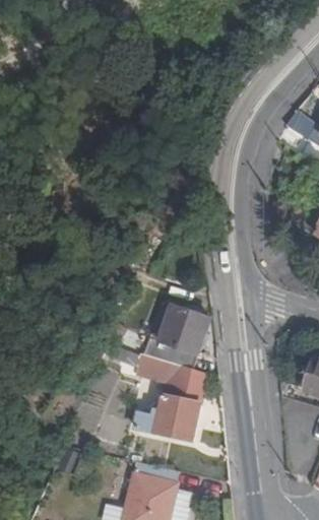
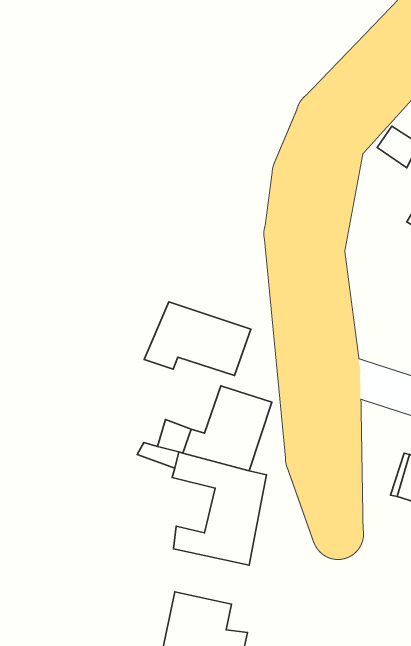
building: none -> [144,302,251,376]

